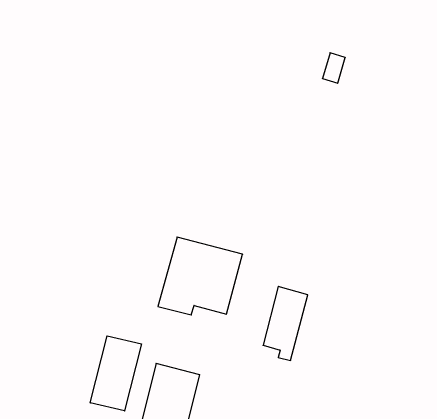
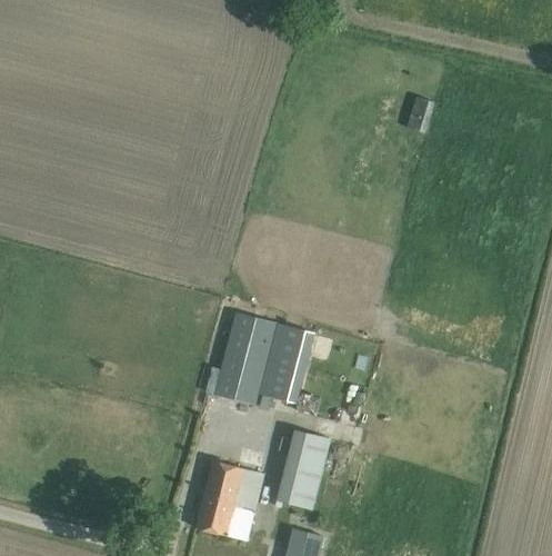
building: [263,286,308,360] -> [278,430,330,517]
building: [90,336,141,411] -> none

